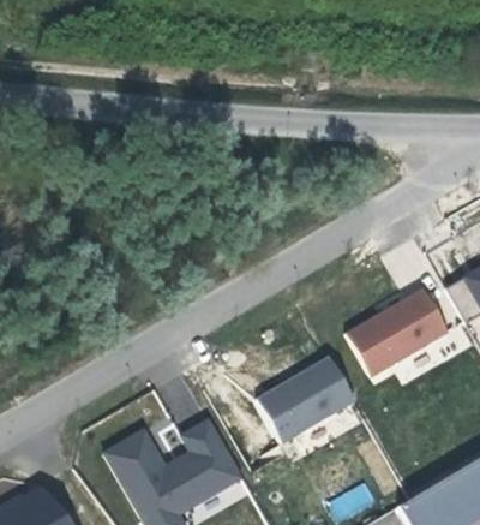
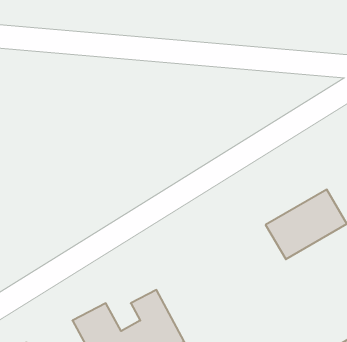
building: [254,358,354,445] -> none

